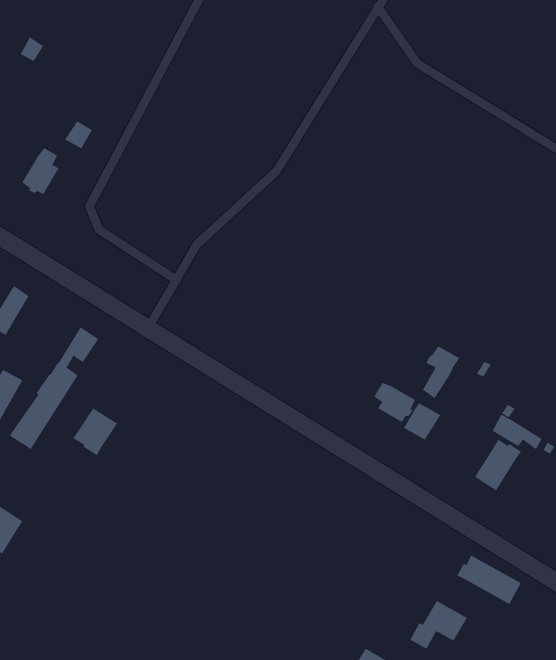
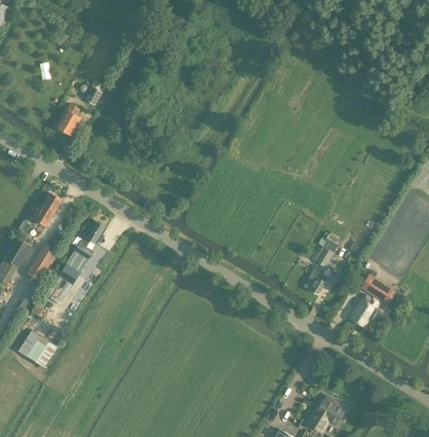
building: [373,382,416,423] -> none
building: [73,407,118,456] -> none
building: [456,554,522,605] -> none

